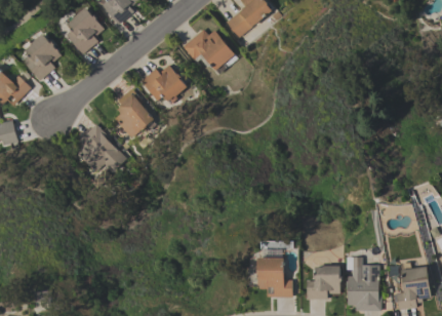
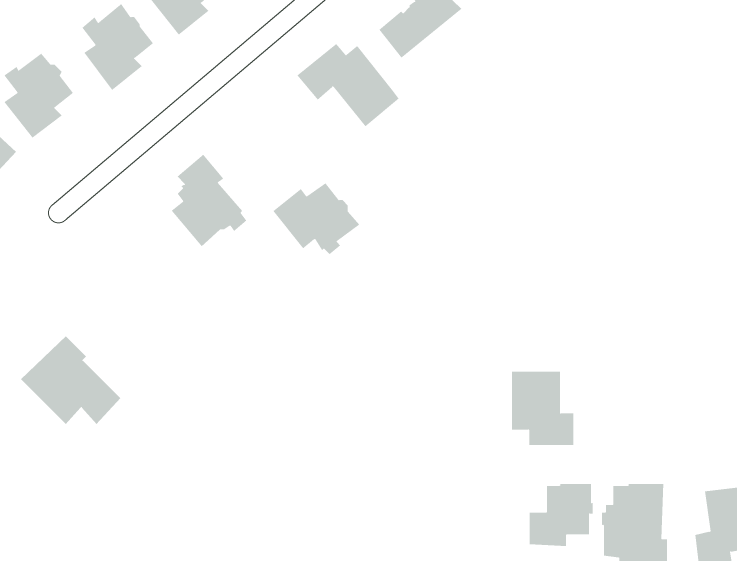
building: [139,65,187,104] -> [272,182,360,255]
building: [71,124,125,172] -> [20,335,121,425]
building: [258,258,292,298] -> [511,371,574,445]

